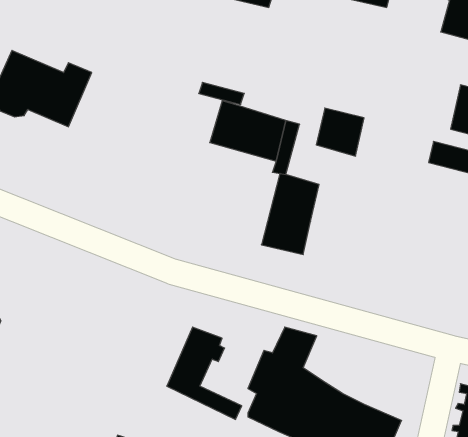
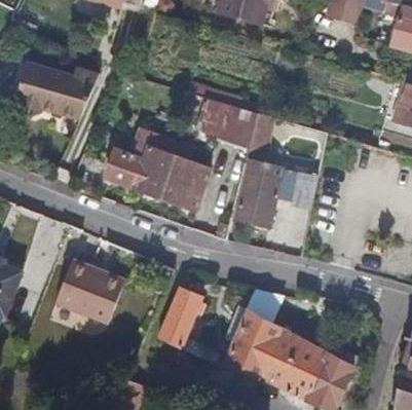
building: [316,108,364,156] -> [279,169,320,209]
building: none -> [103,133,210,210]
building: none -> [59,259,126,324]

